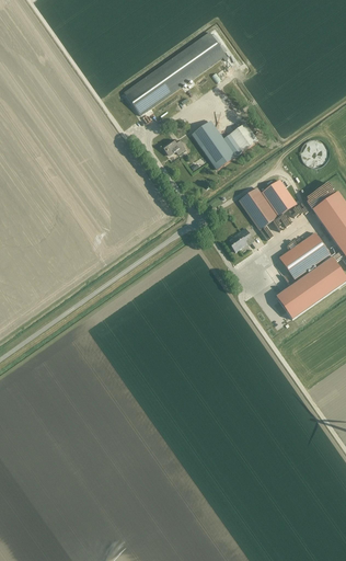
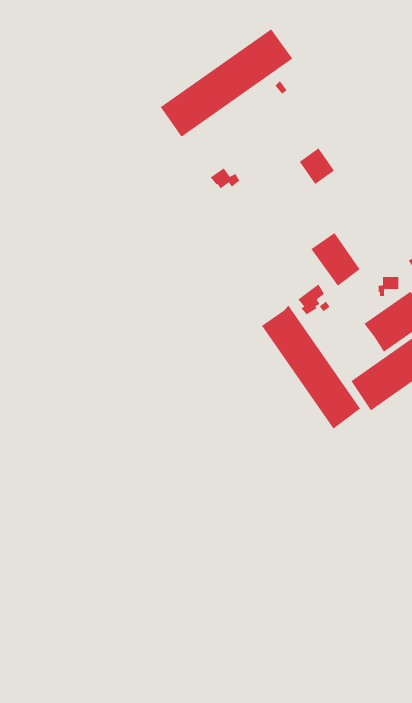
building: [193,122,235,169] -> none
building: [262,180,297,216] -> none
building: none -> [261,305,361,429]

